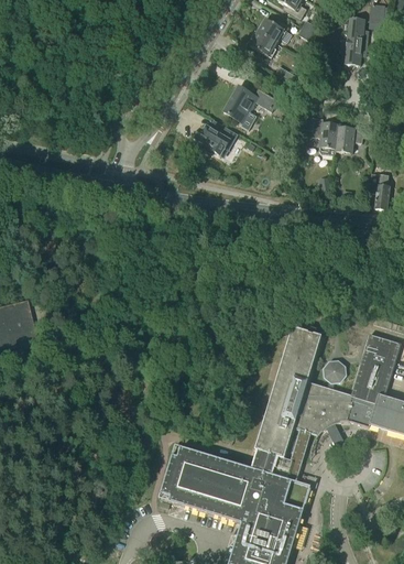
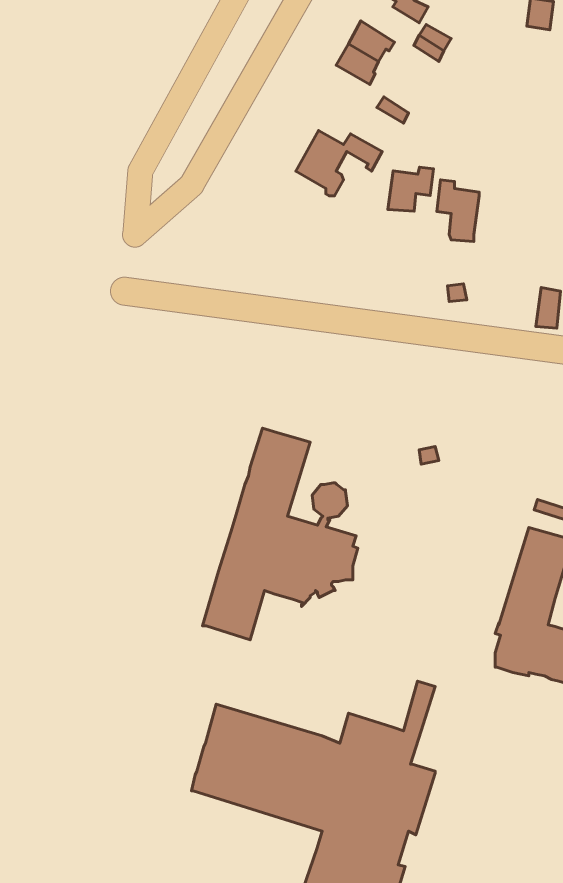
building: [346,19,368,64] -> none
building: [196,120,233,153] -> none
building: [336,124,364,152] -> [388,167,434,211]
building: [255,326,352,458] -> [203,428,358,640]

